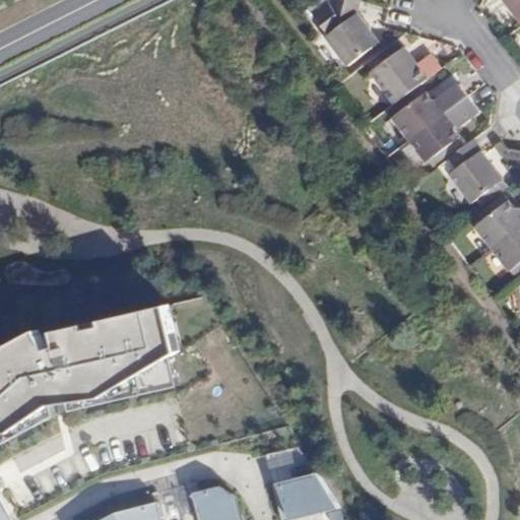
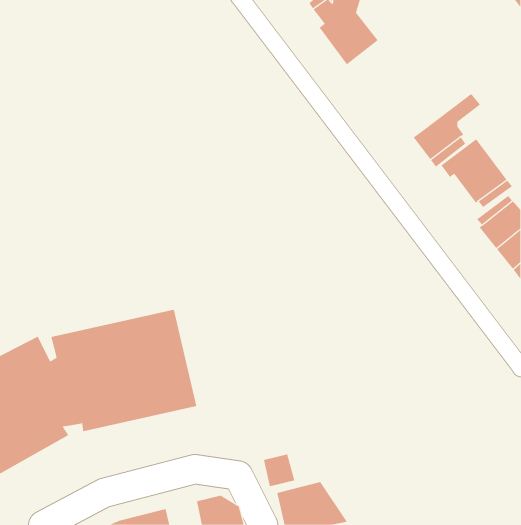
building: [367,44,437,100] -> none
building: [389,79,464,135] -> none

